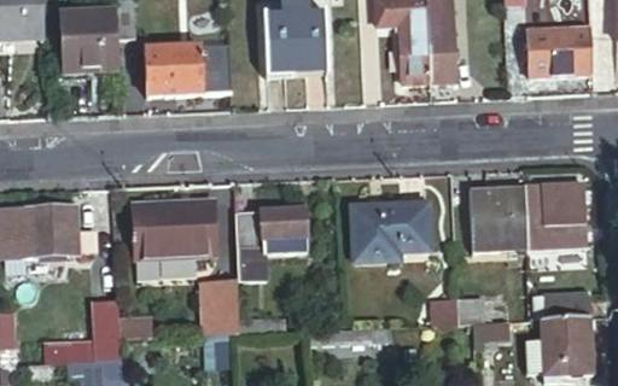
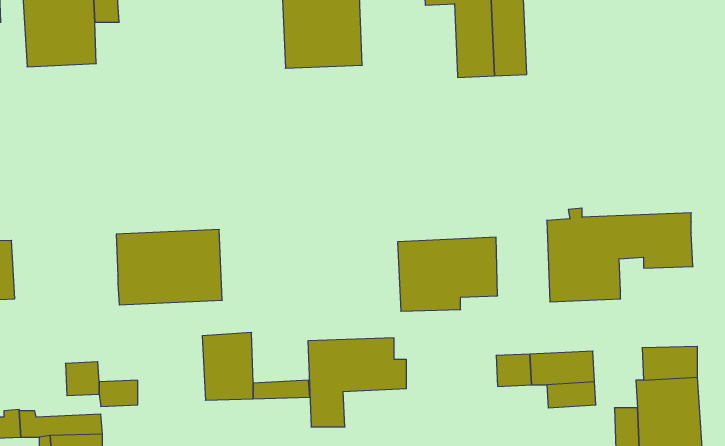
building: [519,25,591,75] -> none
building: [145,45,231,94] -> none
building: [51,207,97,255] -> none
building: [237,211,314,281] -> [308,338,406,427]
building: [527,222,587,248] -> none

